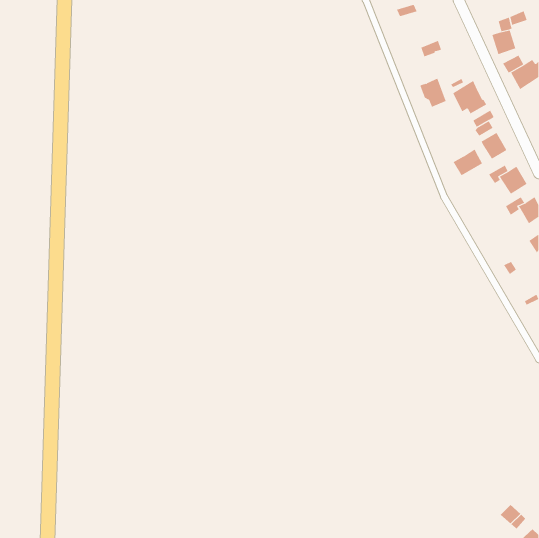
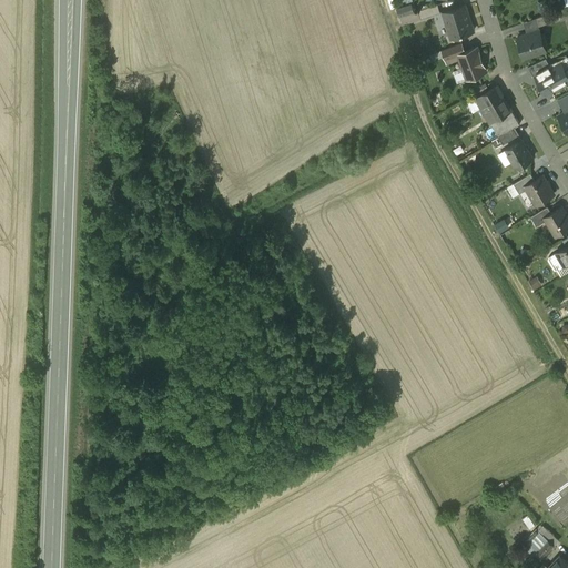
building: none -> [442,8,473,40]
building: [420,78,446,108] -> [457,49,485,80]
building: [453,149,483,176] -> none

